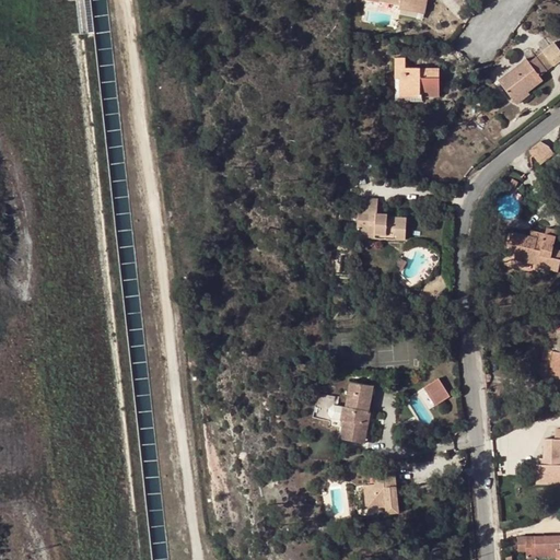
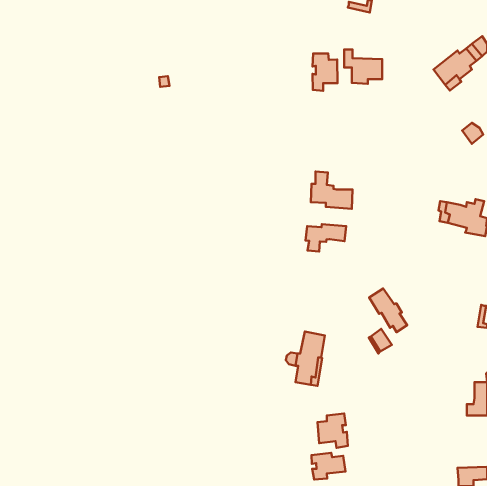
building: none -> [312,53,337,91]
building: none -> [306,224,346,251]
building: none -> [369,288,407,332]
building: none -> [312,453,345,479]

